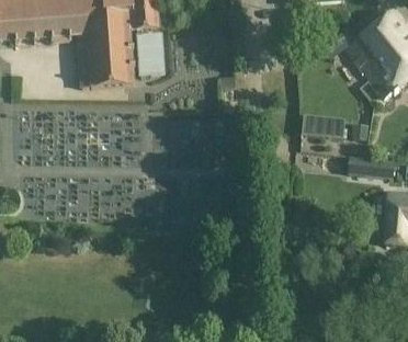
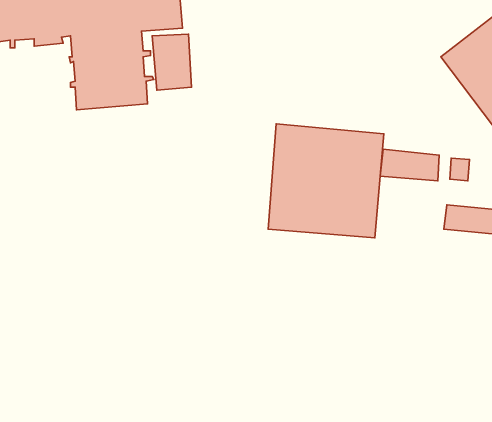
building: none -> [268,124,384,238]

